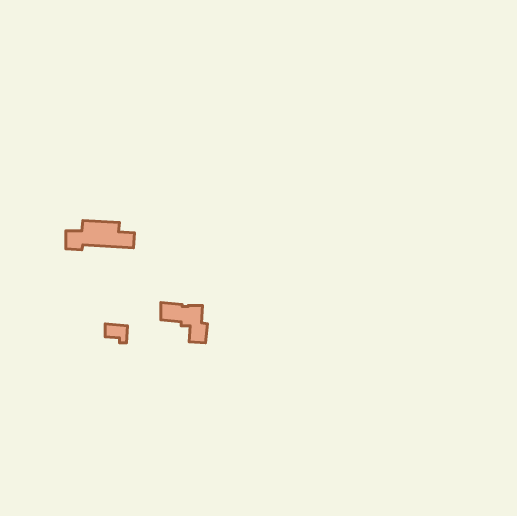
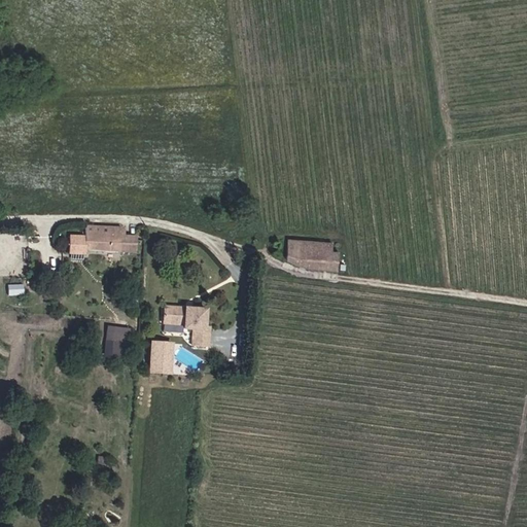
building: none -> [285,238,339,270]
building: none -> [151,345,173,376]

